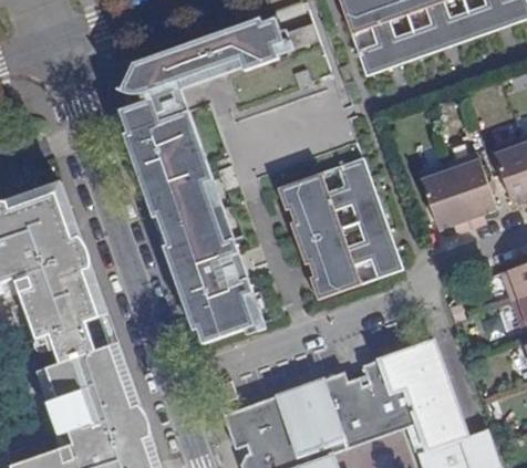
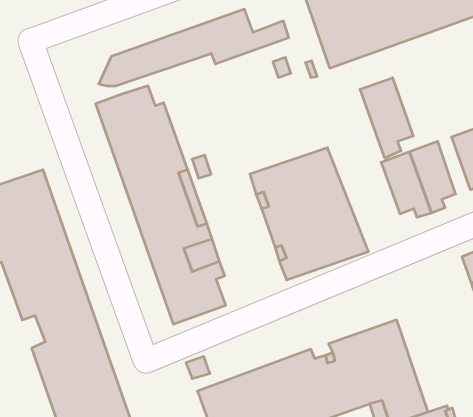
building: [137,60,242,115] -> none
building: none -> [360,78,413,158]

